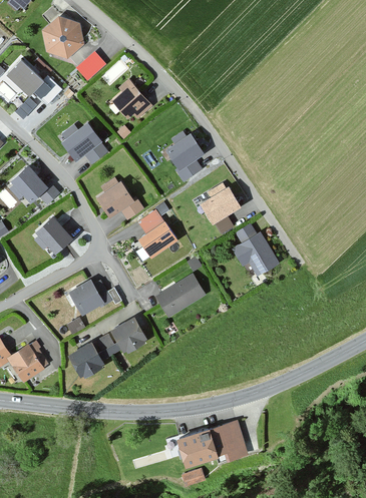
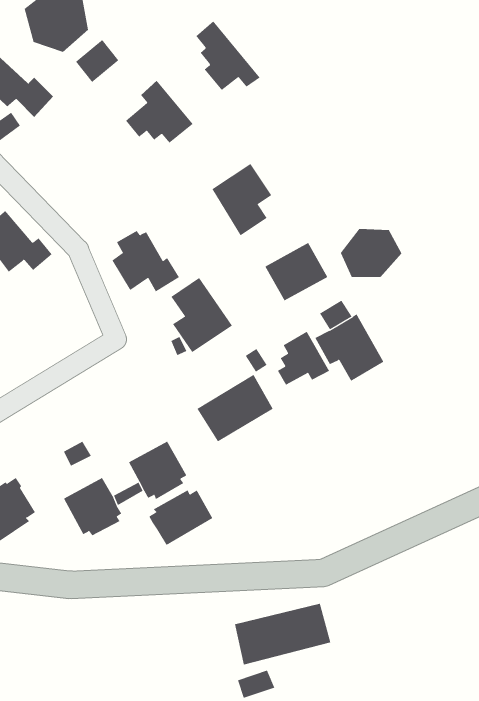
building: none -> [195,21,260,91]
building: [59,122,107,161] -> none
building: none -> [340,228,402,278]
building: [33,215,73,256] -> none
building: none -> [277,331,330,386]
building: [69,279,111,316] -> none
building: none -> [149,489,213,546]

